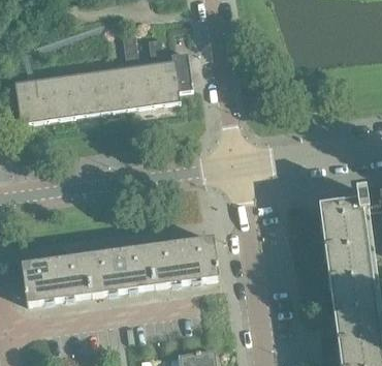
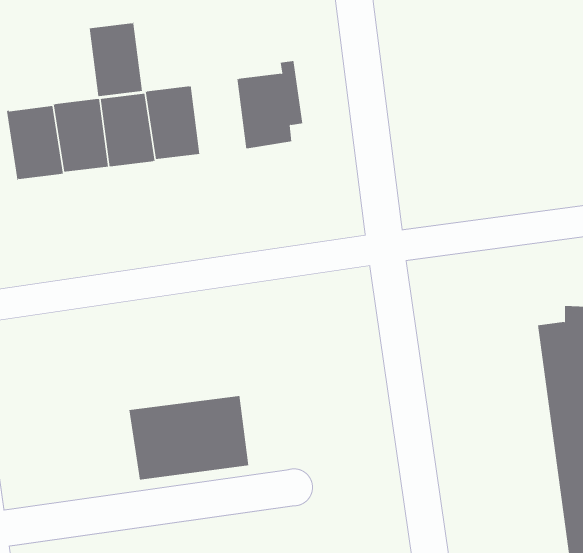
building: [121,63,152,108] -> [89,21,143,98]
building: [149,236,218,285] -> none
building: [21,253,91,303] -> none

